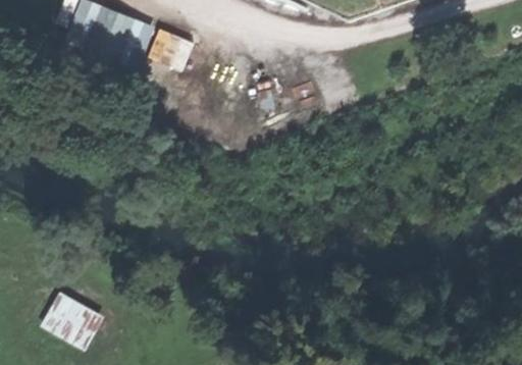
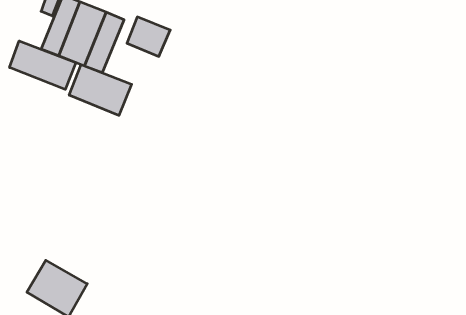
building: none -> [10,41,76,89]
building: none -> [69,65,132,115]

